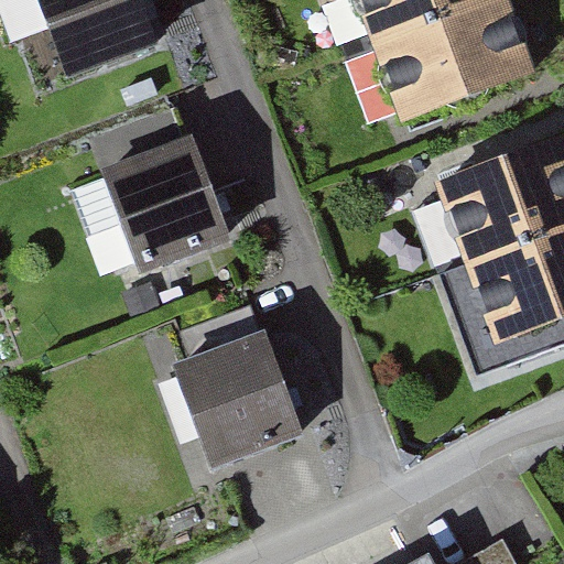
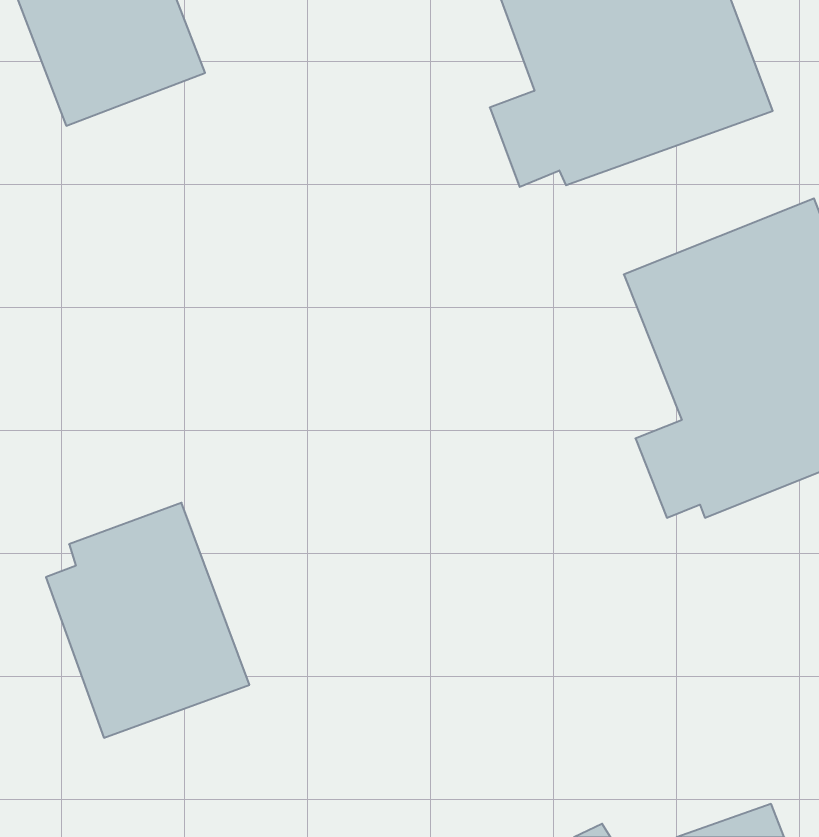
building: [94,133,229,272] -> none
building: [164,311,300,467] -> [46,503,249,738]

